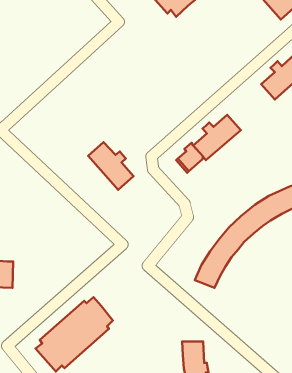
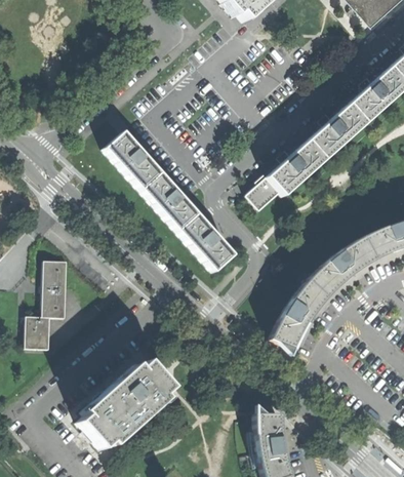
building: none -> [308,105,365,160]
building: none -> [104,133,159,191]
building: none -> [176,215,232,272]
building: none -> [43,262,67,318]

